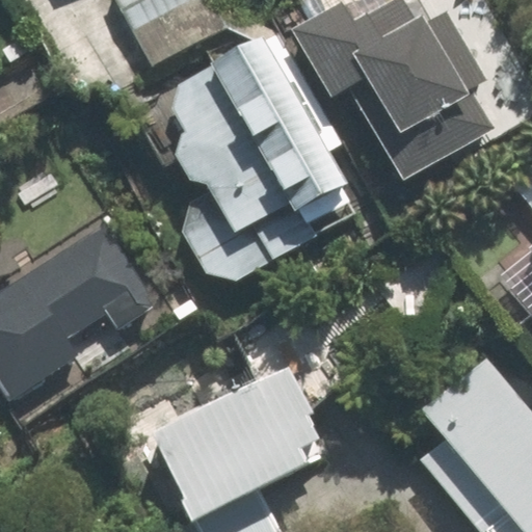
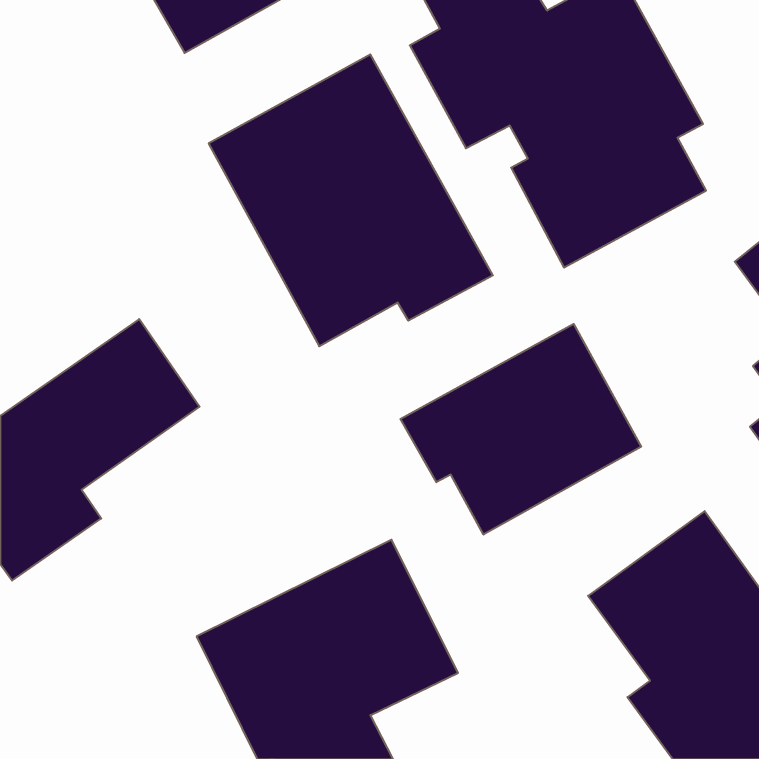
building: none -> [400,324,641,535]

